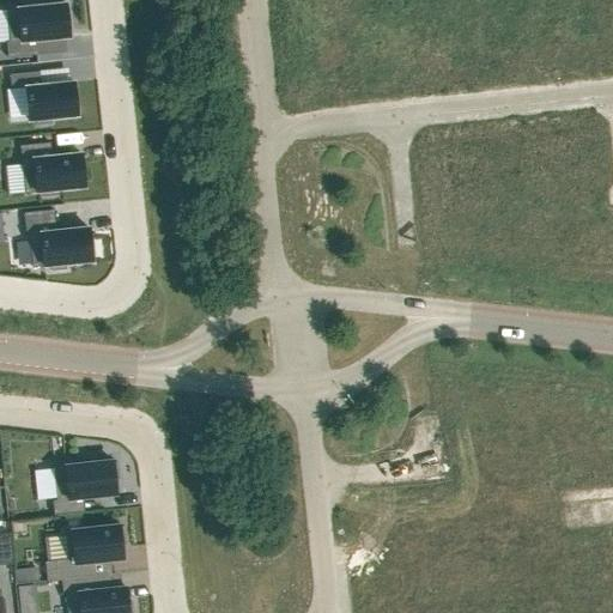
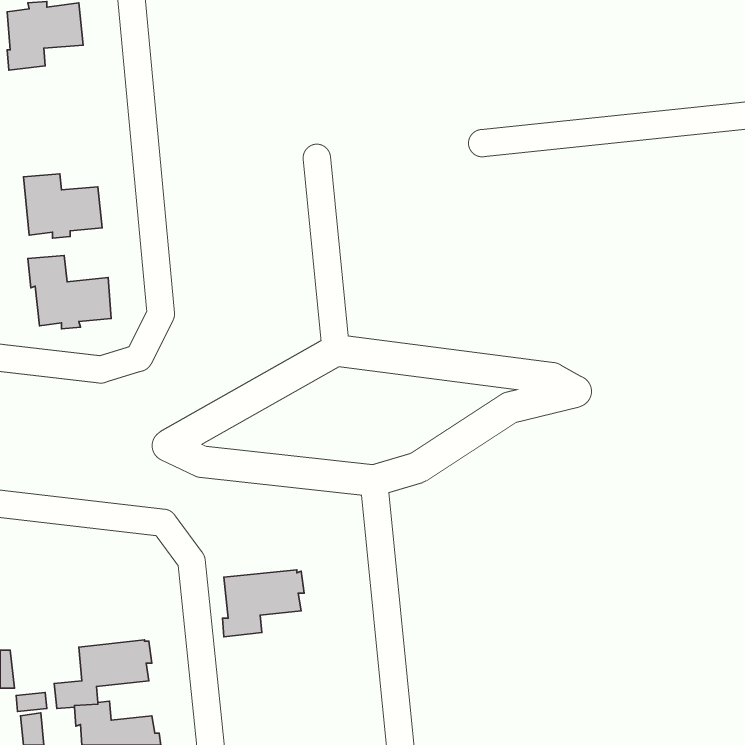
building: [10,71,78,125] -> none
building: [53,460,120,515] -> [222,570,304,637]

